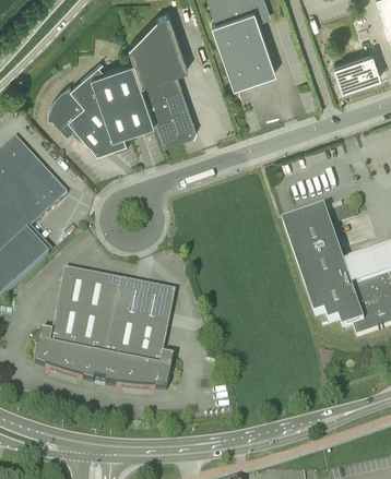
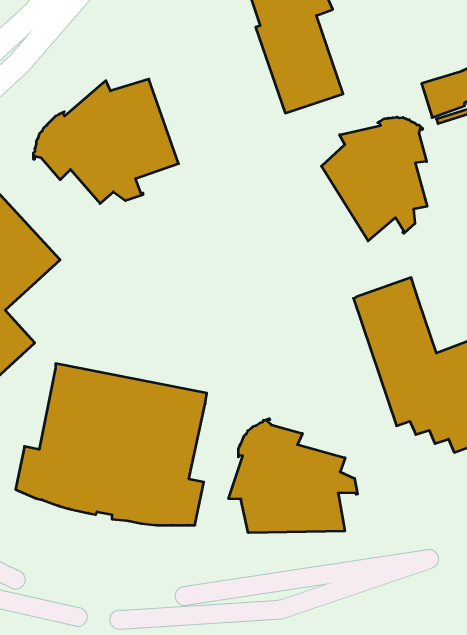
building: [128,11,197,144] -> none
building: none -> [321,117,427,241]
building: none -> [229,419,358,533]

